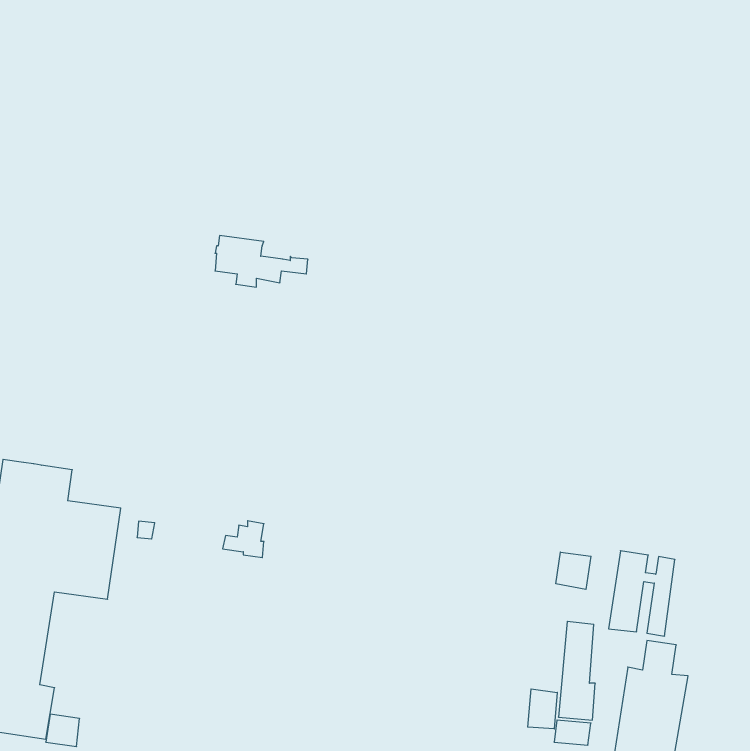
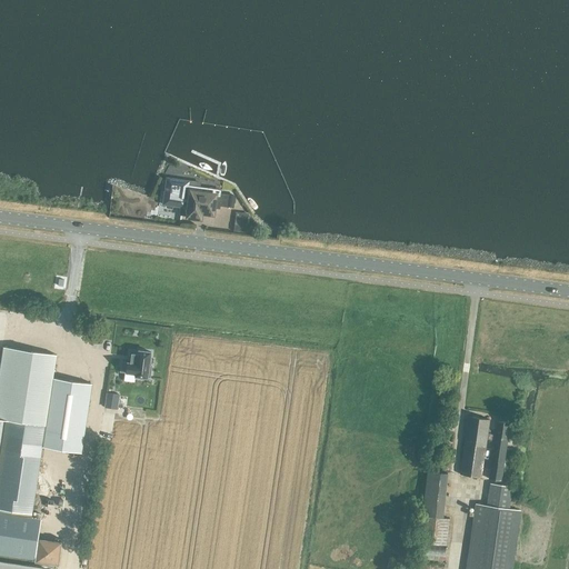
building: [223,521,264,558] -> [119,351,150,379]
building: [556,552,591,589] -> none
building: [528,689,557,729] -> none

